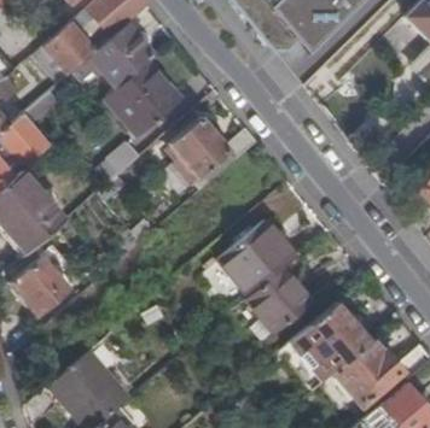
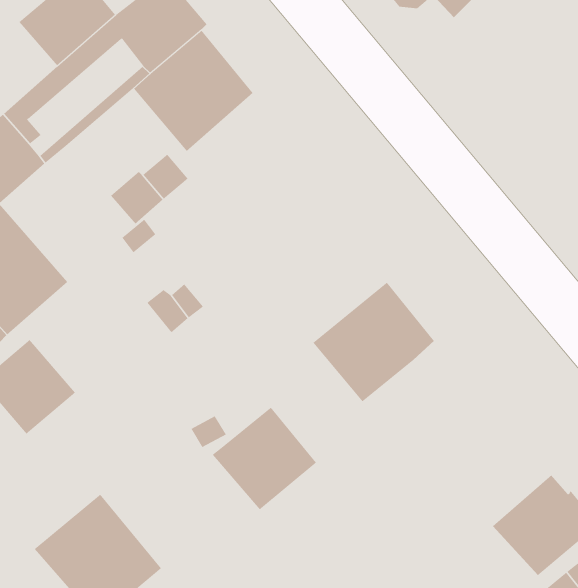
building: [172,117,260,178] -> none
building: [248,269,314,334] -> [212,407,317,510]
building: [290,303,372,382] -> none

